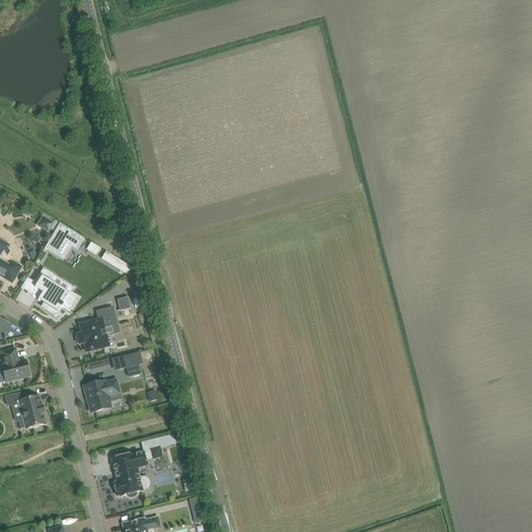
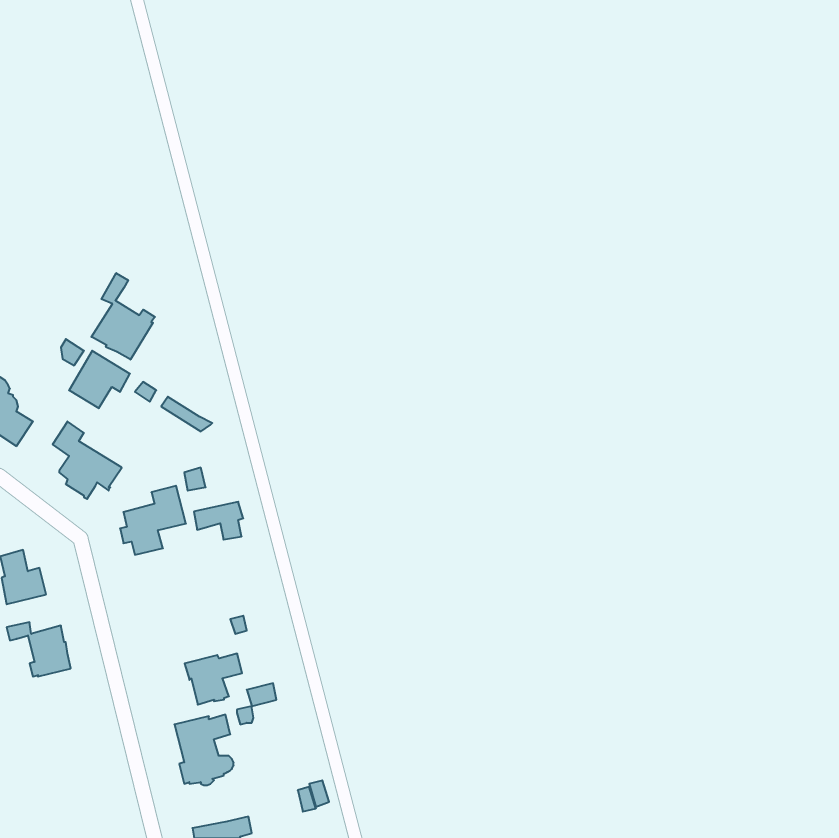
building: none -> [91,273,155,360]
building: [109,351,140,375] -> [194,502,243,540]
building: [82,379,118,411] -> [185,654,242,705]

